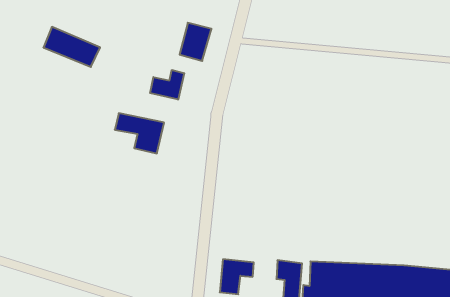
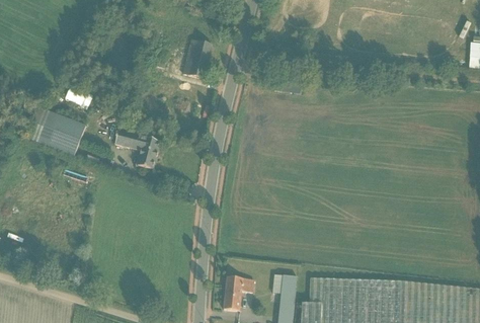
building: [43,27,100,67] -> [28,109,84,149]
building: [150,70,184,100] -> none

